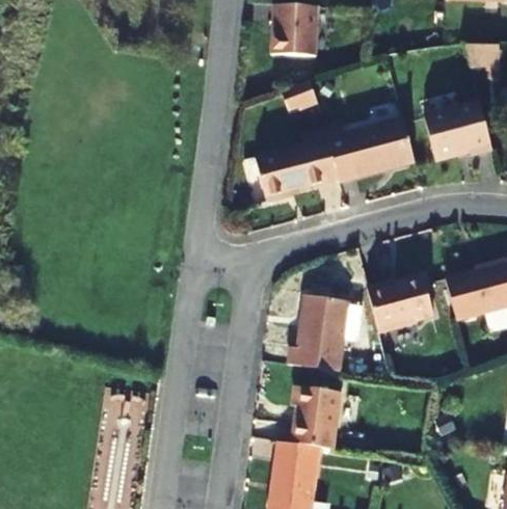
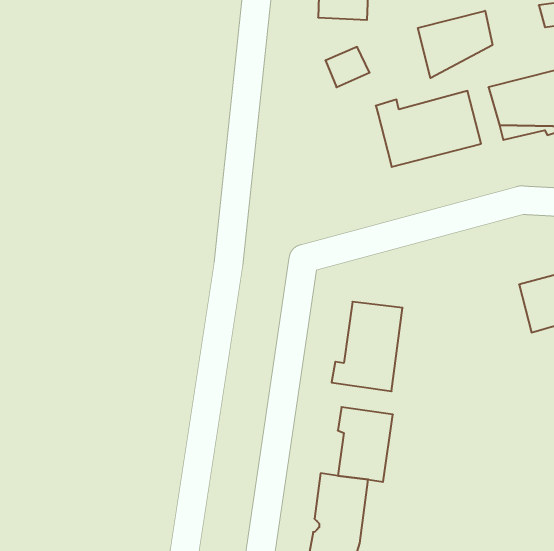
building: none -> [418,11,492,78]
building: [251,136,337,199] -> none
building: [367,278,434,334] -> none

